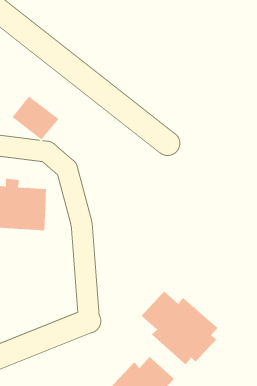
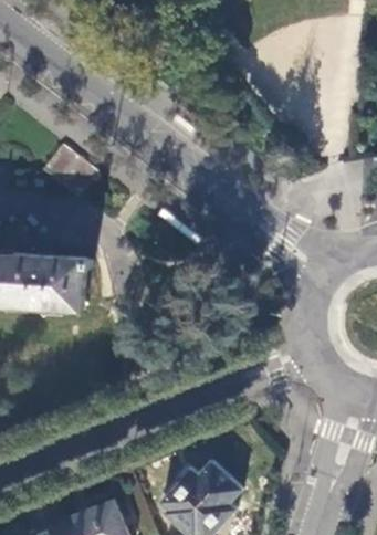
building: [141,291,219,366] -> none

